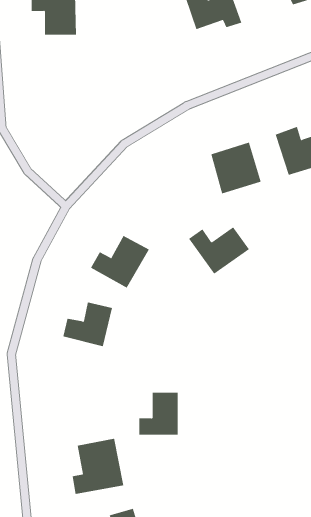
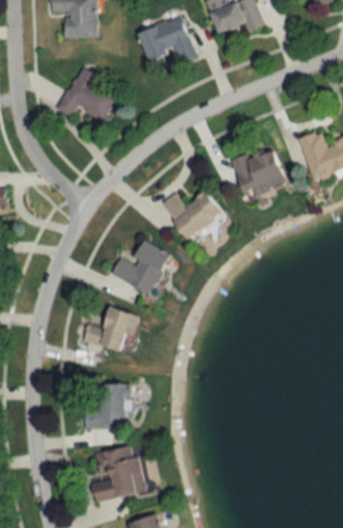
building: none -> [138,16,197,64]
building: none -> [56,66,117,120]
building: [188,226,250,275] -> [161,190,223,239]
building: [138,392,178,435] -> [85,384,125,427]

